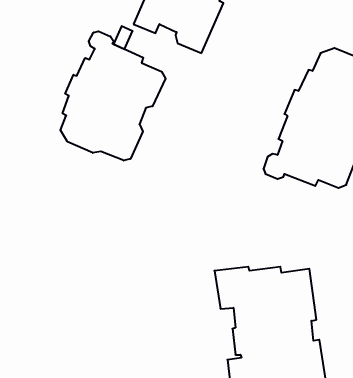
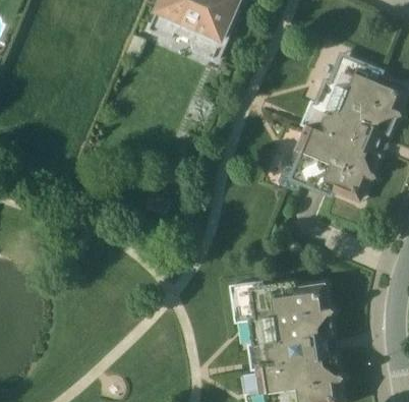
building: [60,31,166,161] -> none

